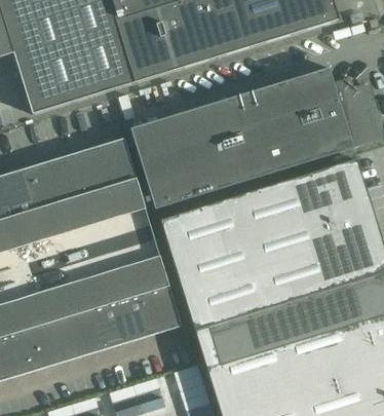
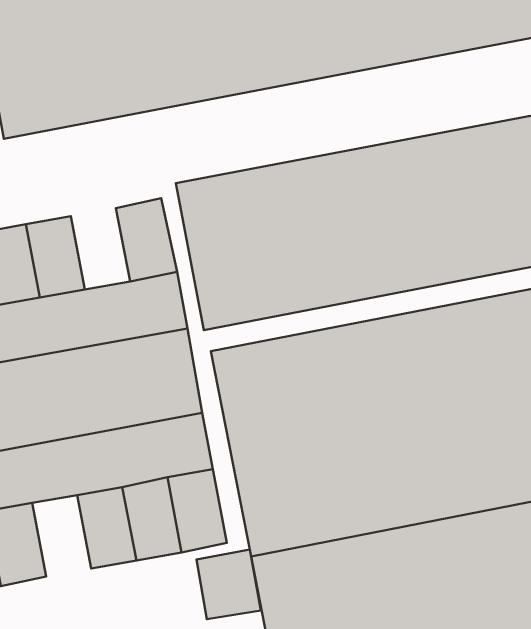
building: [75,145,112,192] -> none
building: [71,307,108,354] -> none
building: none -> [197,549,261,619]

